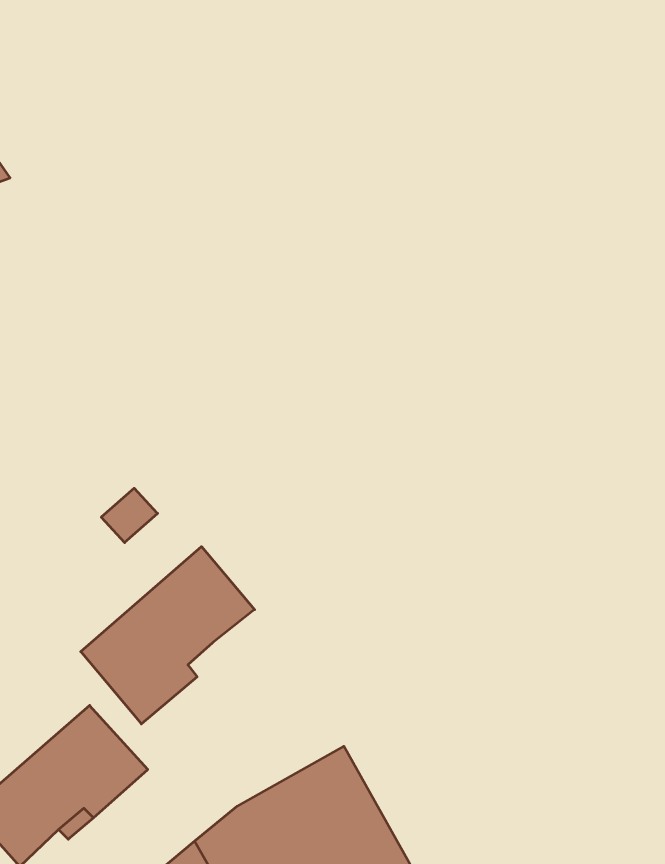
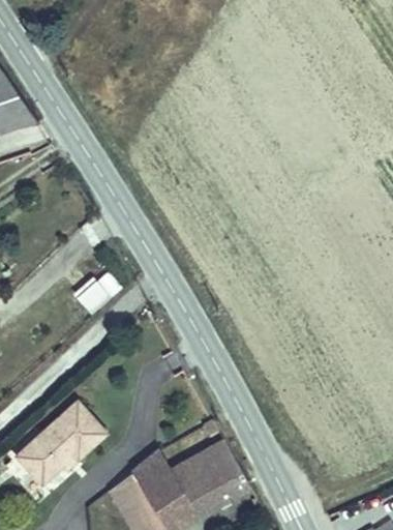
building: [81,547,255,724] -> none

